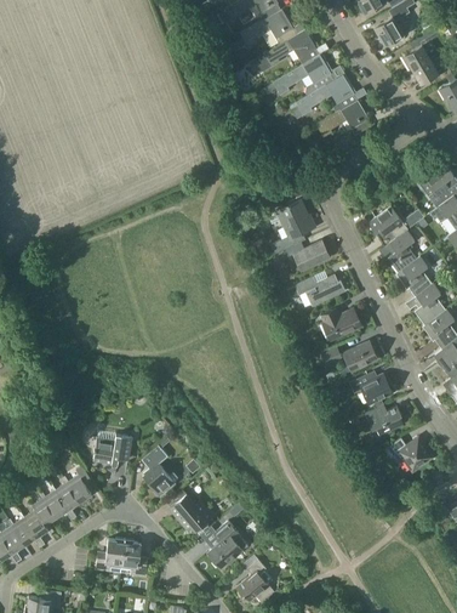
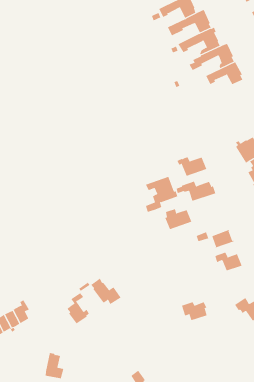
building: [267,199,315,254] -> [145,176,178,213]
building: [321,308,361,340] -> [165,209,192,230]
building: [364,405,402,435] -> [181,302,207,321]
building: [93,433,132,465] -> none
building: [166,490,212,528] -> [90,278,121,305]
building: [207,521,247,568] -> none
building: [96,538,125,573] -> none

